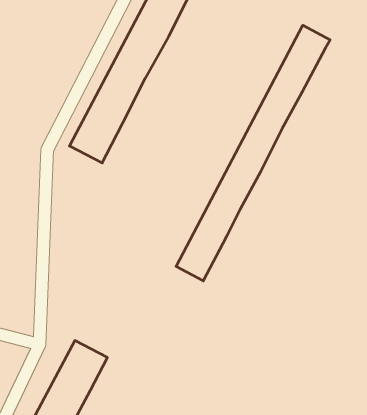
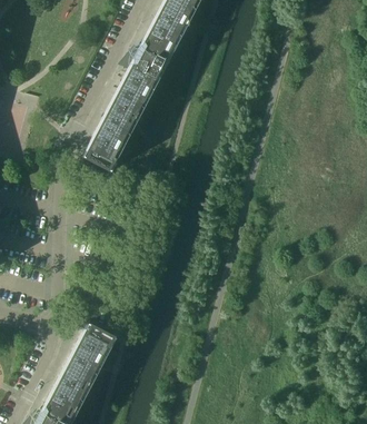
building: [176,25,330,281] -> none

